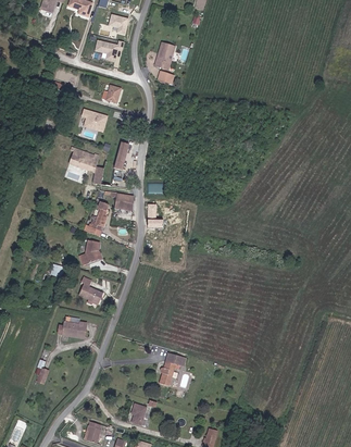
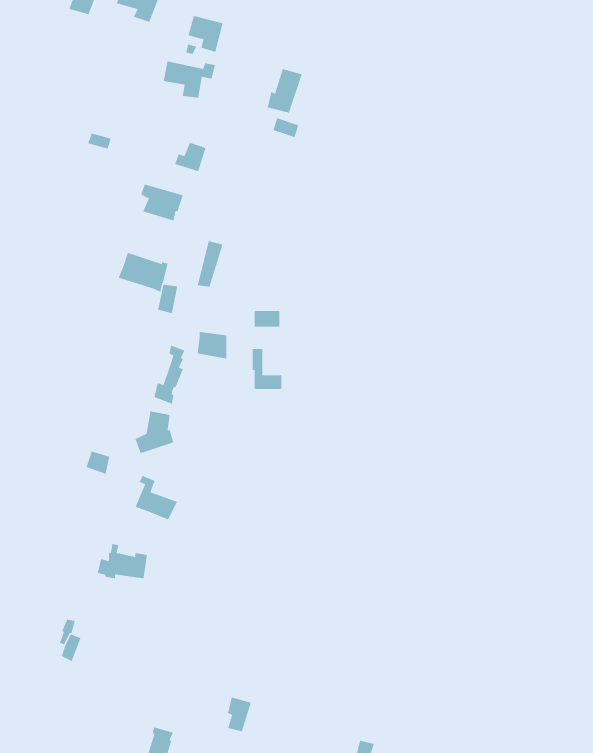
building: [158,352,185,385] -> none

